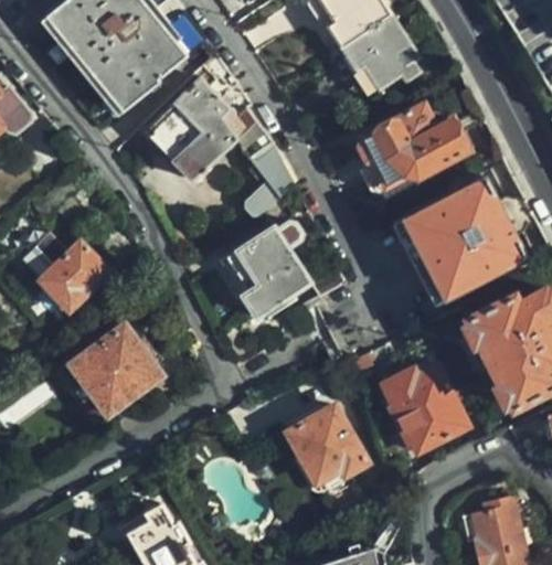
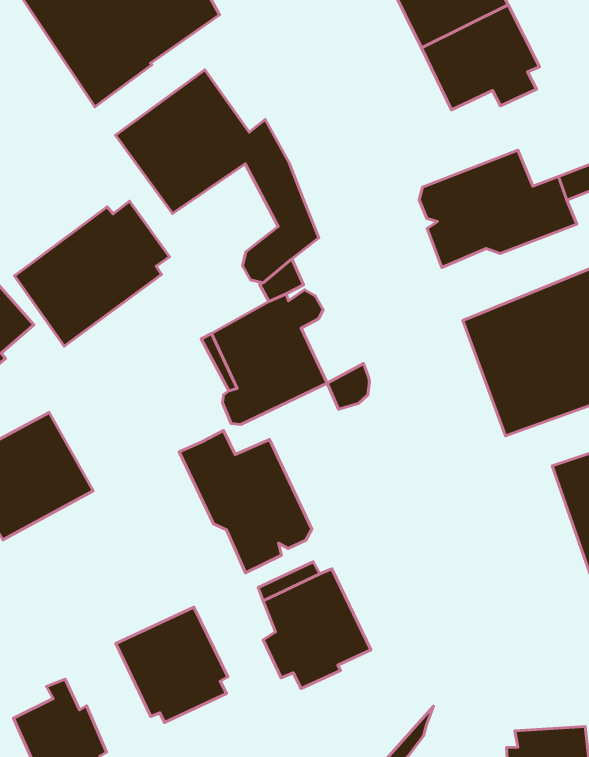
building: none -> [15,201,169,346]
building: none -> [179,431,312,573]
building: [380,366,464,454] -> none
building: none -> [116,607,228,723]

